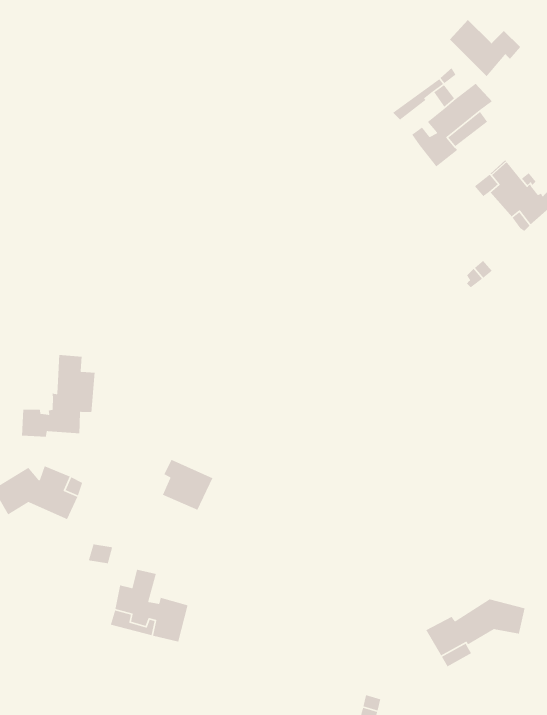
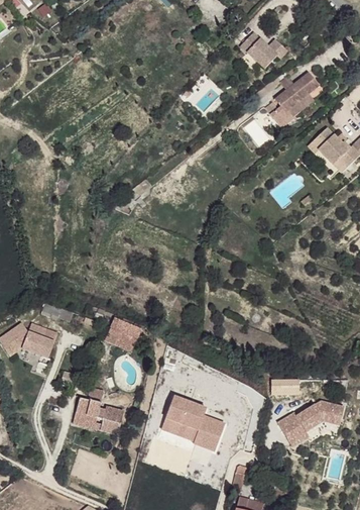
building: [449,19,521,77] -> [239,31,285,69]
building: [21,354,95,437] -> none
building: none -> [163,401,225,453]

